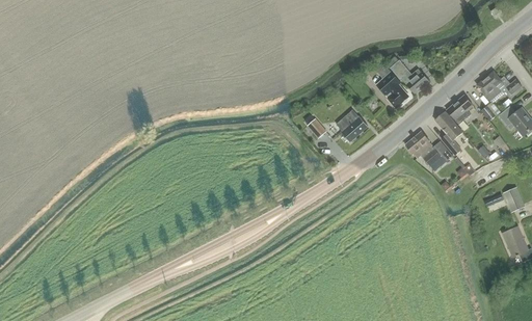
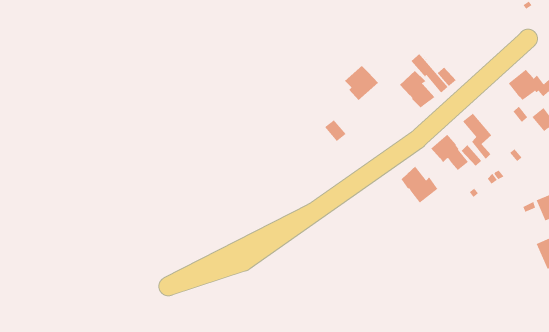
building: [447,95,473,125] -> none
building: [336,109,368,142] -> [344,65,379,101]
building: none -> [401,166,438,203]

